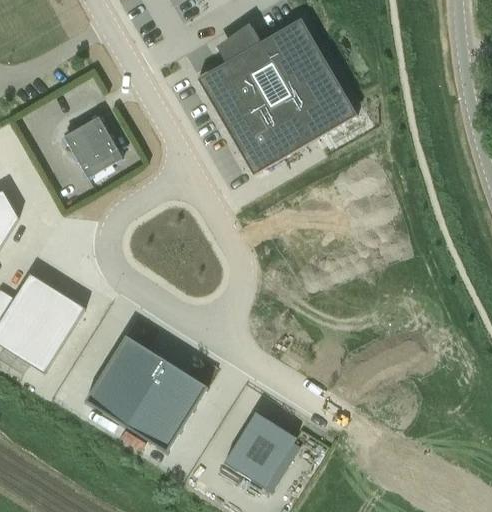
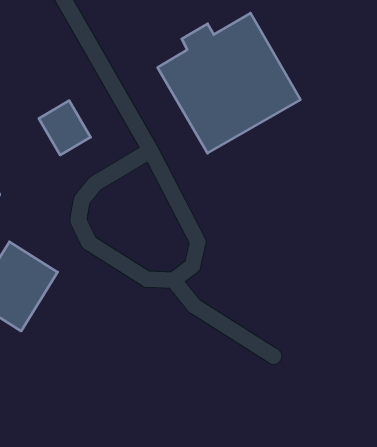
building: [84,334,206,451] -> none
building: [222,411,295,487] -> none

